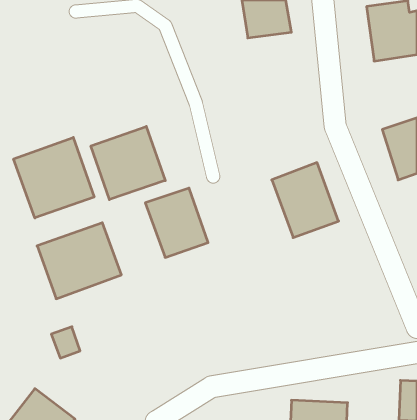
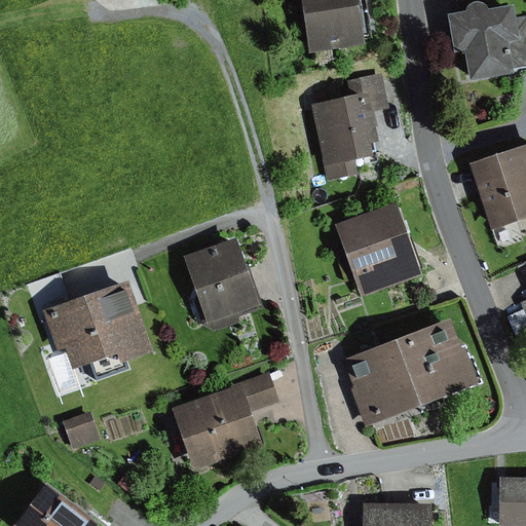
building: none -> [311,72,390,179]
building: [91,126,165,200] -> none
building: [14,137,94,218] -> none
building: none -> [346,320,478,422]
building: none -> [171,374,277,465]

